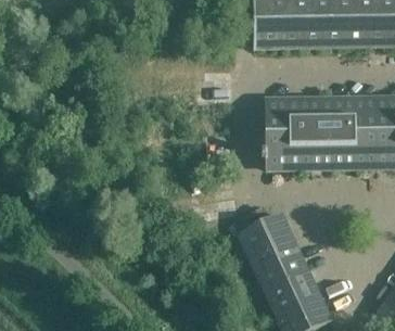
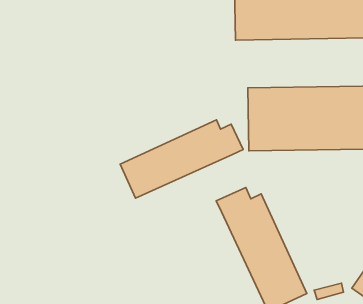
building: none -> [120,120,243,198]

